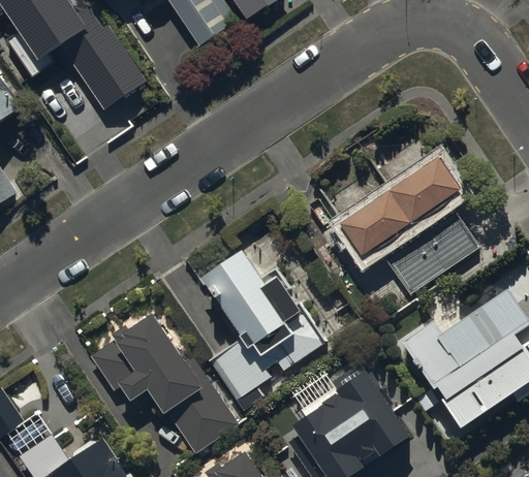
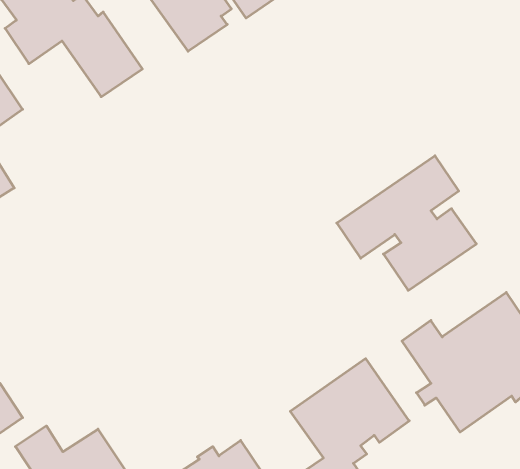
building: [197,235,318,388] -> none
building: [89,317,237,451] -> none

